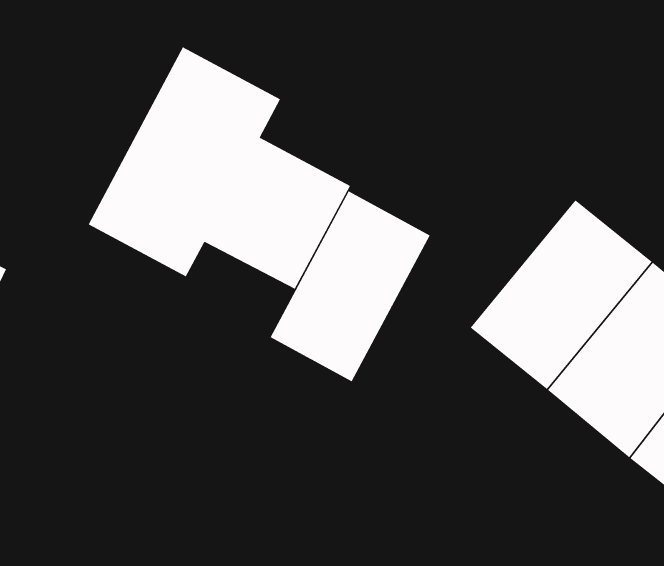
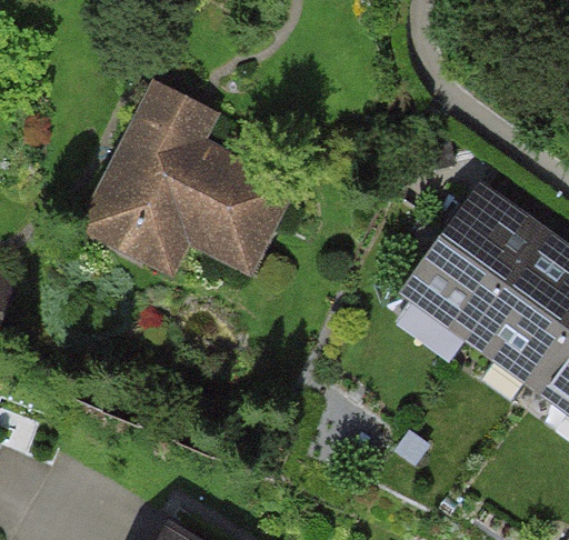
building: [270,190,430,382] -> none

